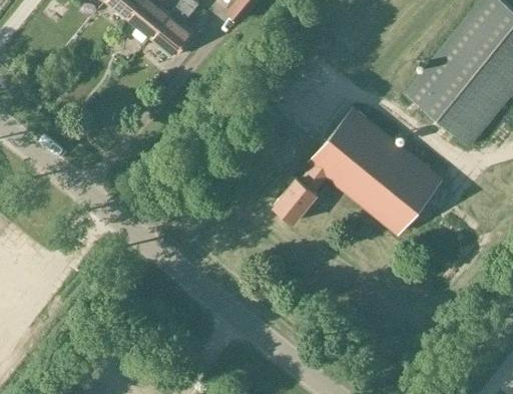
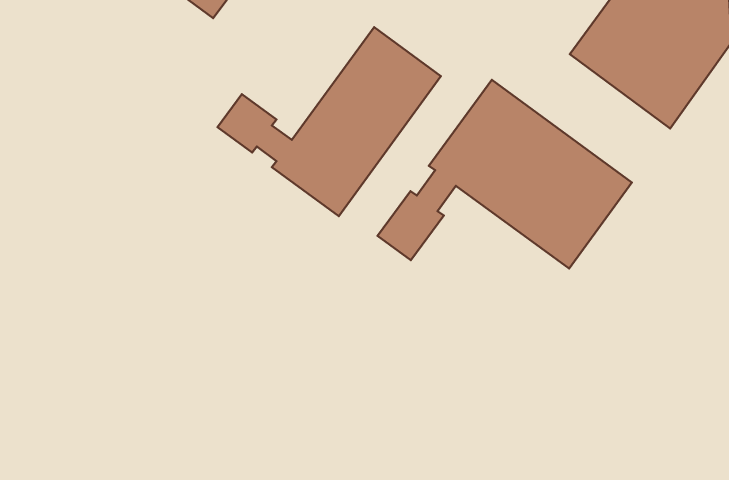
building: none -> [217,27,441,216]

